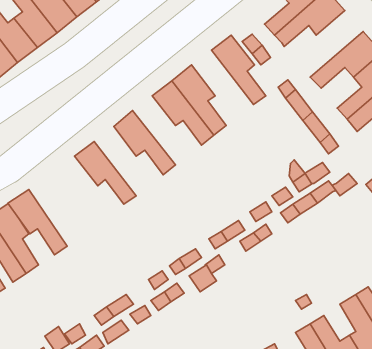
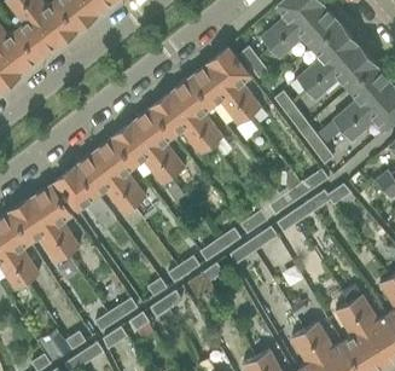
building: none -> [296,24,358,89]
building: none -> [190,63,250,126]
building: none -> [132,108,186,175]
building: none -> [94,138,147,205]
building: none -> [56,167,116,230]
building: none -> [30,185,81,255]

